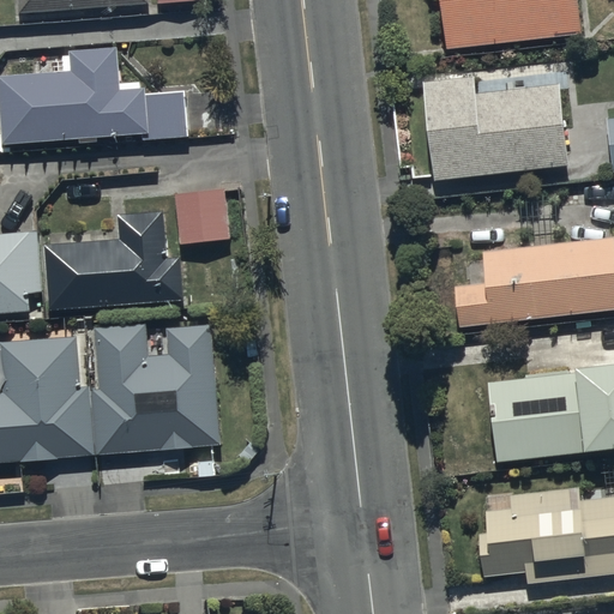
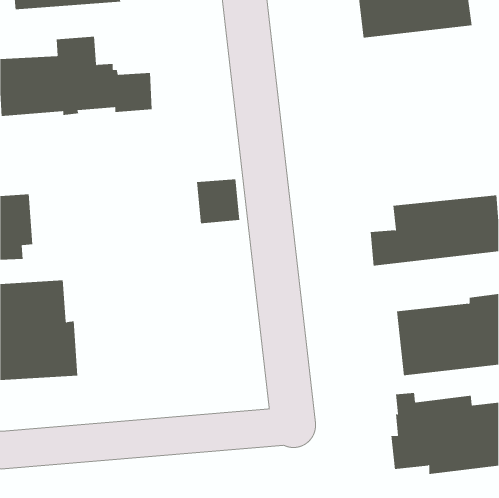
building: [422,74,564,177] -> none
building: [176,195,230,251] -> [196,179,240,224]
building: [48,219,183,319] -> none
building: [91,327,222,460] -> none

